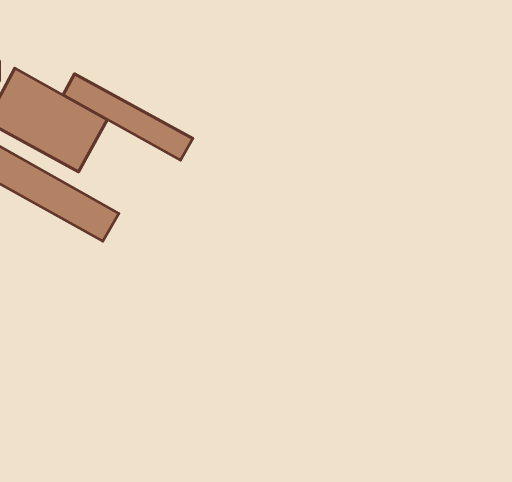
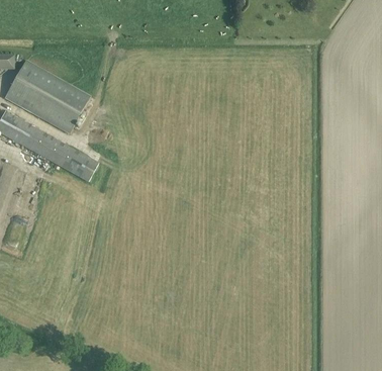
building: [63,74,193,160] -> none

